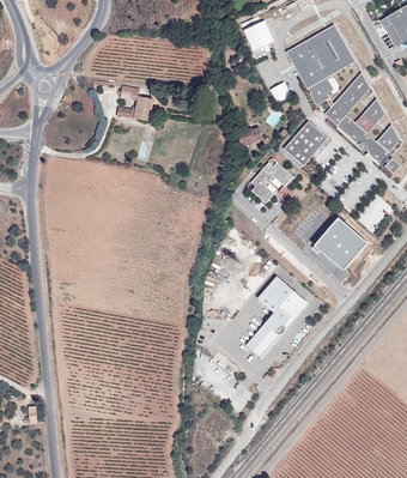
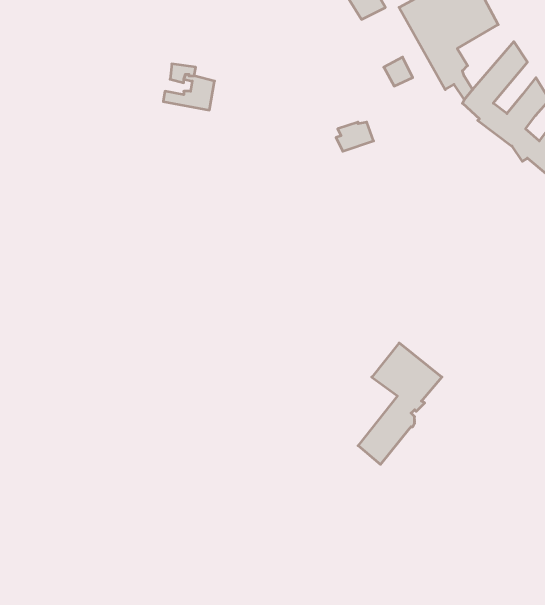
building: [284,120,328,165] -> none
building: [247,159,294,205] -> none
building: [315,216,370,272] -> none

